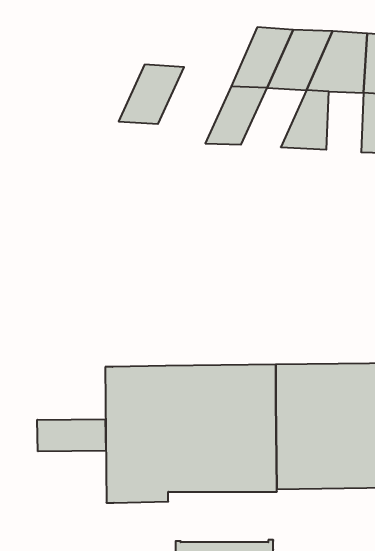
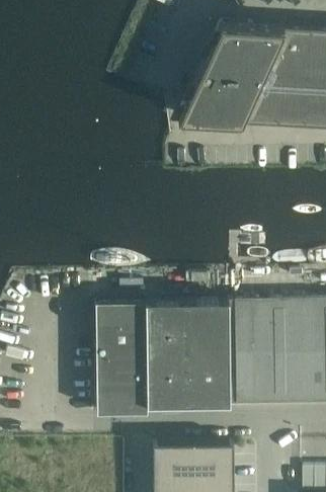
building: [119,65,184,124] -> [207,74,260,122]
building: none -> [276,77,307,127]
building: [37,419,106,451] -> none

